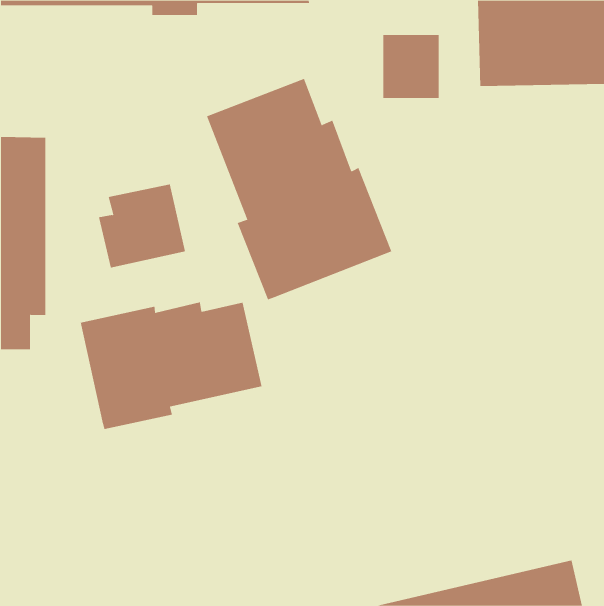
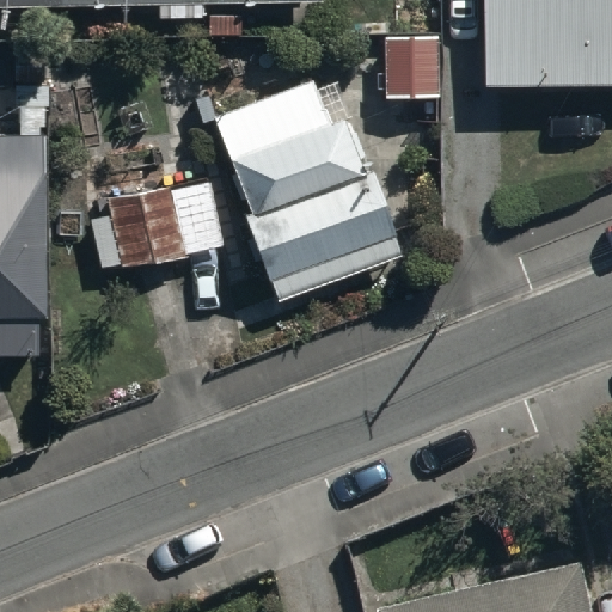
building: [80,302,262,430] -> none

